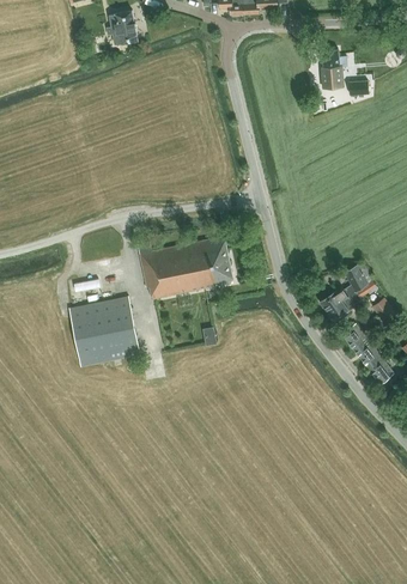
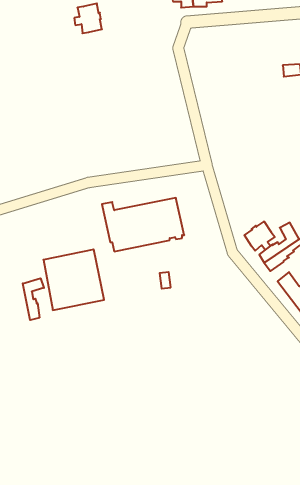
building: [322,48,347,87] -> none
building: none -> [244,221,275,251]
building: none -> [23,278,44,320]

